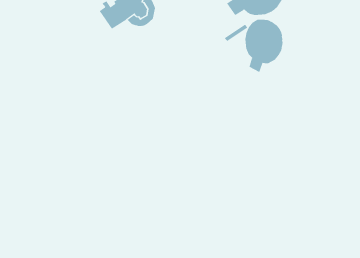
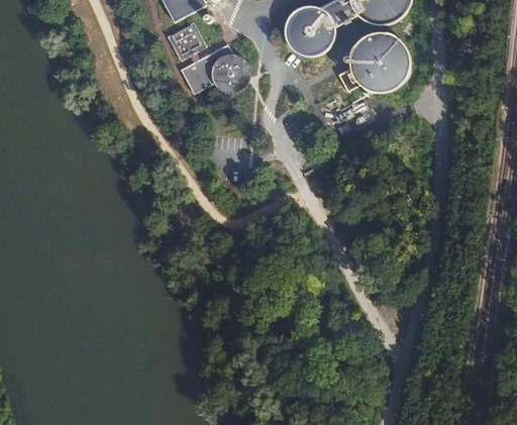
building: [245,19,283,73] -> none

